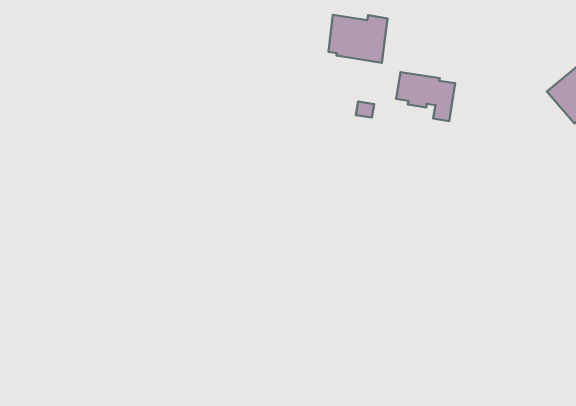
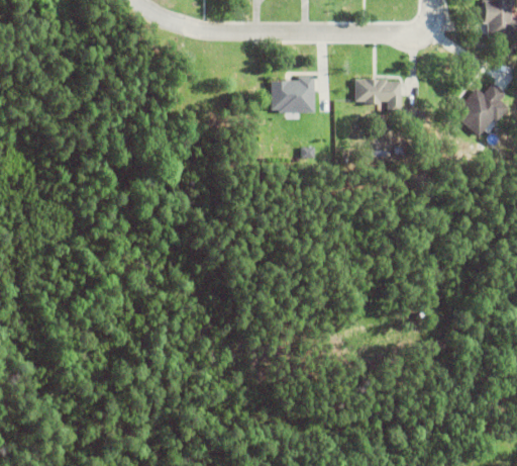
building: [396,72,455,121] -> [355,79,401,112]

